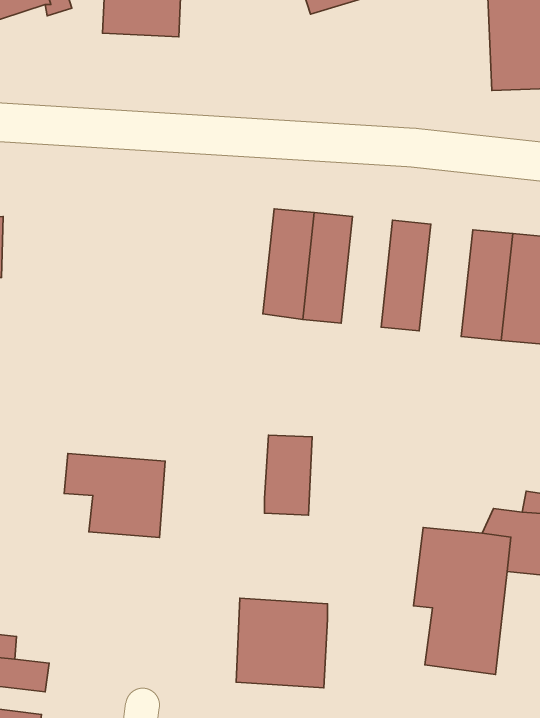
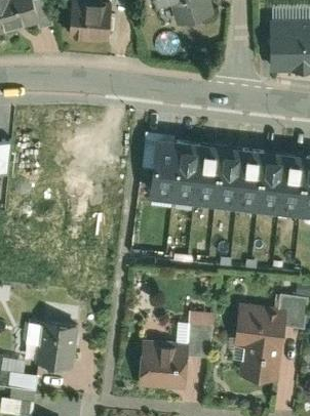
building: none -> [194,139,222,199]
building: none -> [236,143,265,204]
building: [265,435,312,515] -> [187,314,212,357]
building: [64,453,165,537] -> [22,326,76,371]

